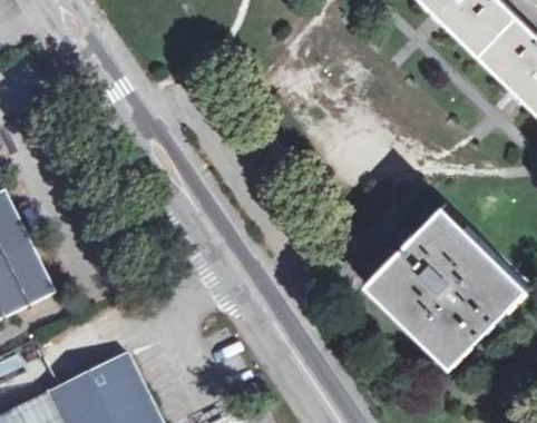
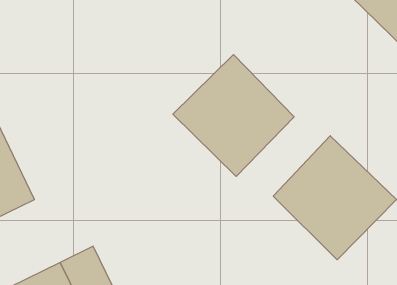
building: none -> [173,55,294,176]

